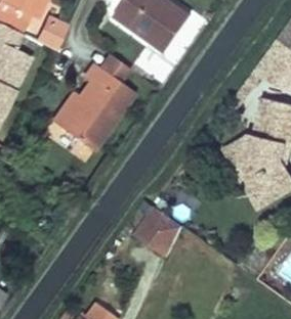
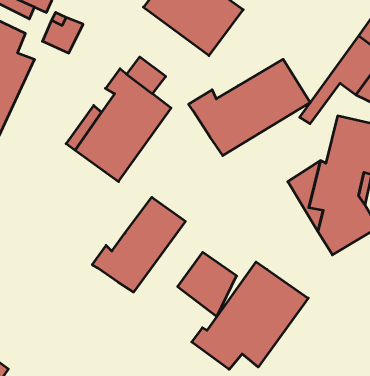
building: none -> [189,59,310,156]
building: none -> [92,197,185,292]
building: none -> [192,262,308,369]

